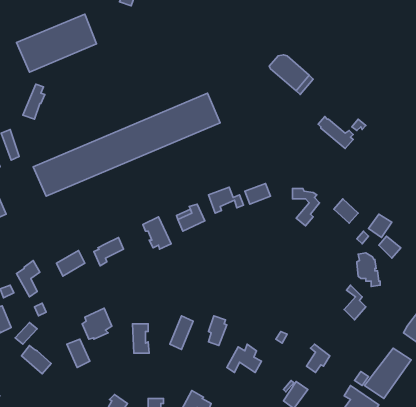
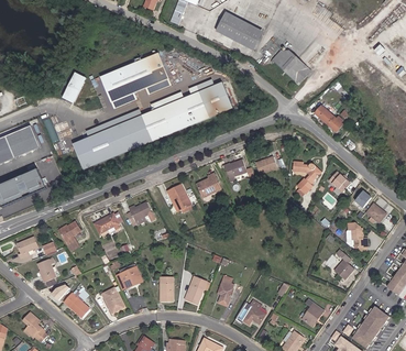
building: none -> [219,9,265,46]
building: [17,14,97,72] -> [99,53,167,102]

